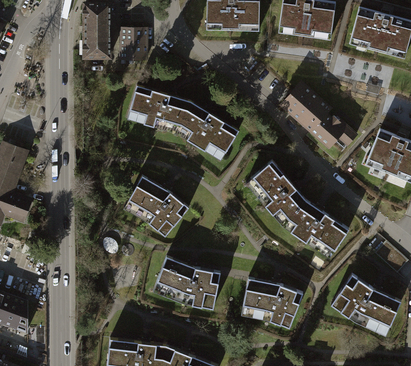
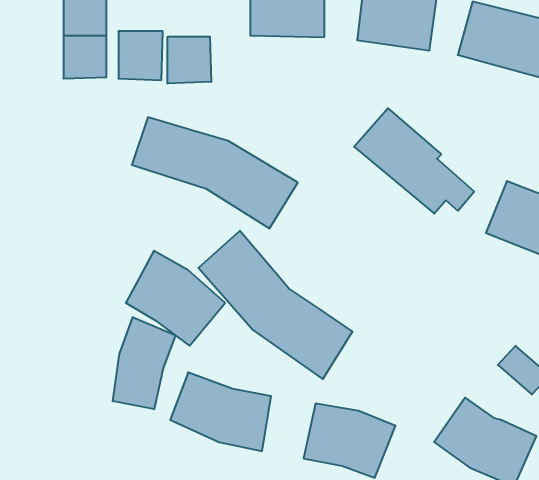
building: none -> [168,37,211,84]
building: [246,158,350,258] -> [198,231,353,379]
building: none -> [113,317,175,409]

